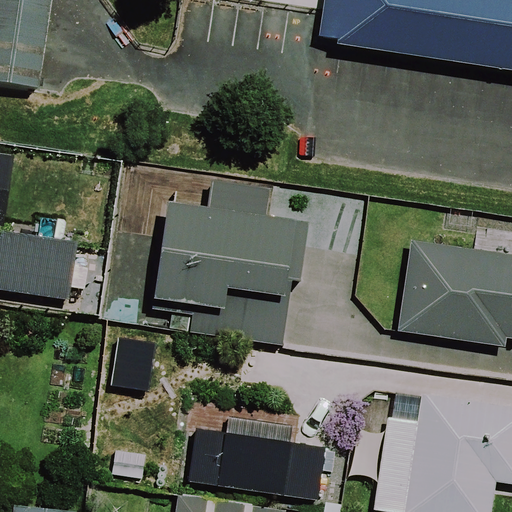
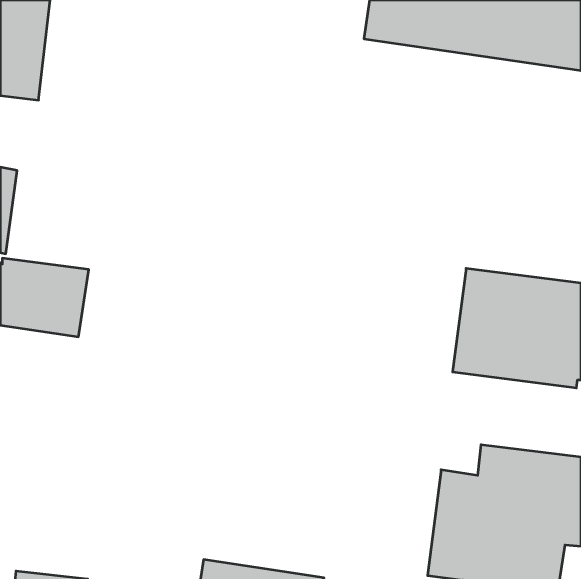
building: [155,178,309,344] -> none
building: [189,427,326,499] -> none

